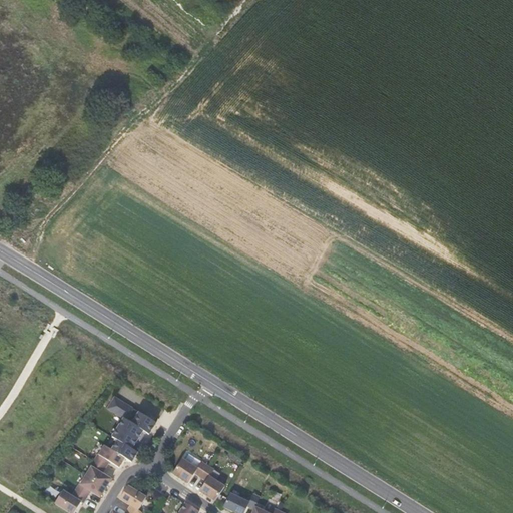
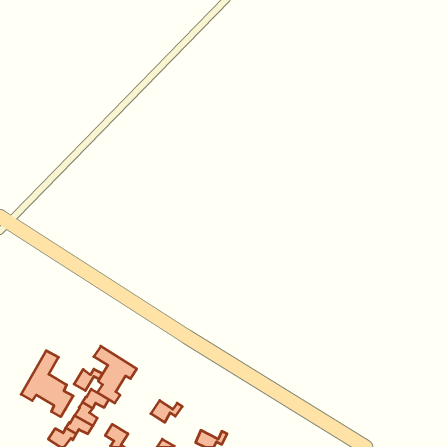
building: none -> [21,351,73,417]
building: none -> [74,369,103,391]
building: [199,464,224,499] -> none

